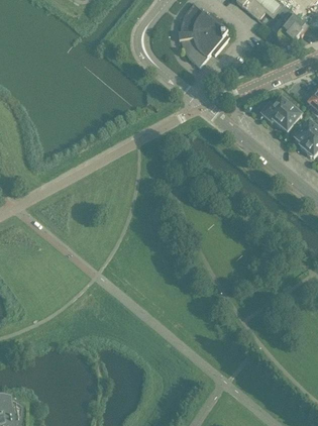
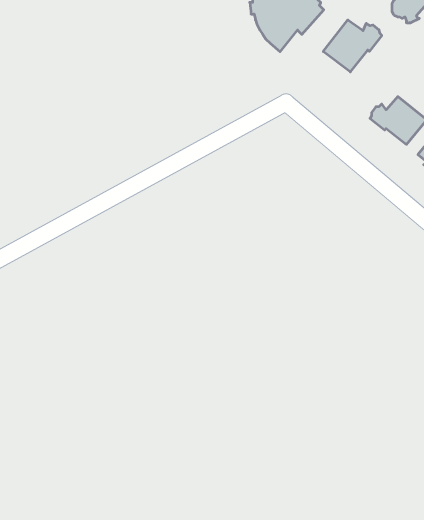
building: none -> [323,20,382,72]

